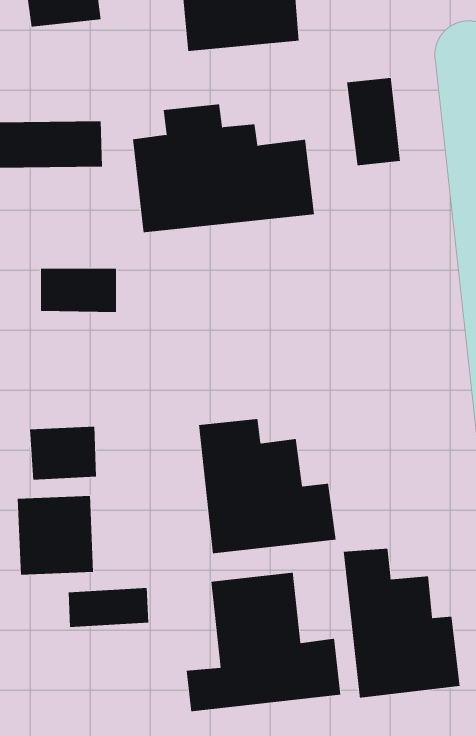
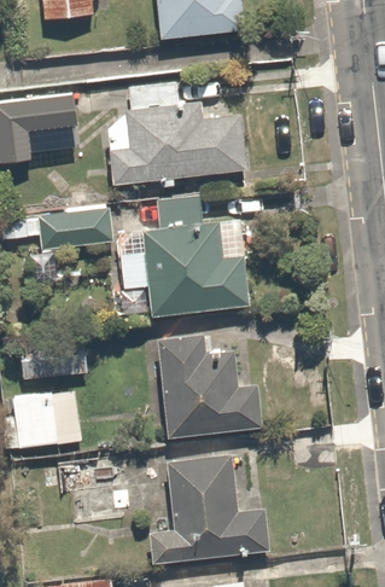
building: [346,77,400,166] -> none
building: none -> [141,199,249,320]
building: [343,548,460,698] -> none

